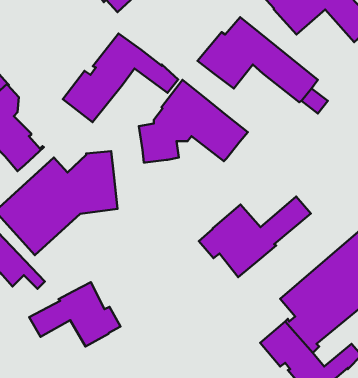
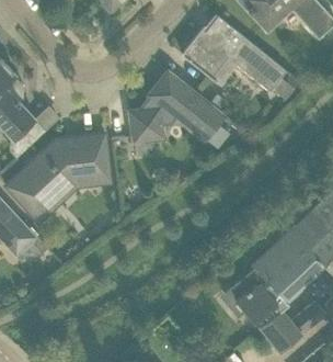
building: [63,33,178,122] -> none
building: [199,196,311,277] -> none
building: [29,282,121,347] -> none

